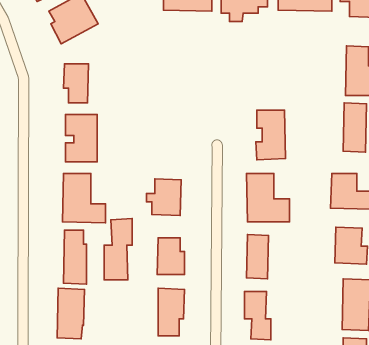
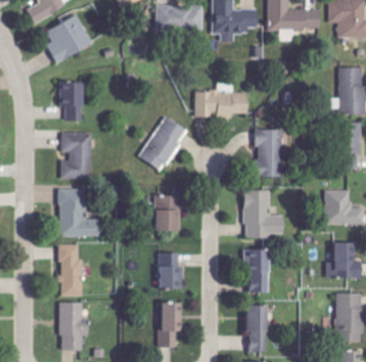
building: none -> [198,84,251,118]
building: none -> [142,116,191,171]
building: [104,218,132,280] -> none

